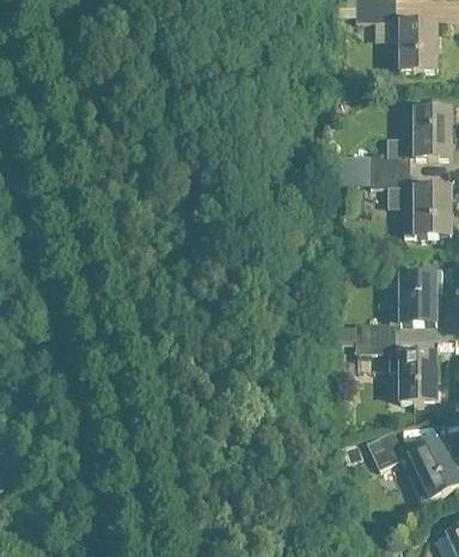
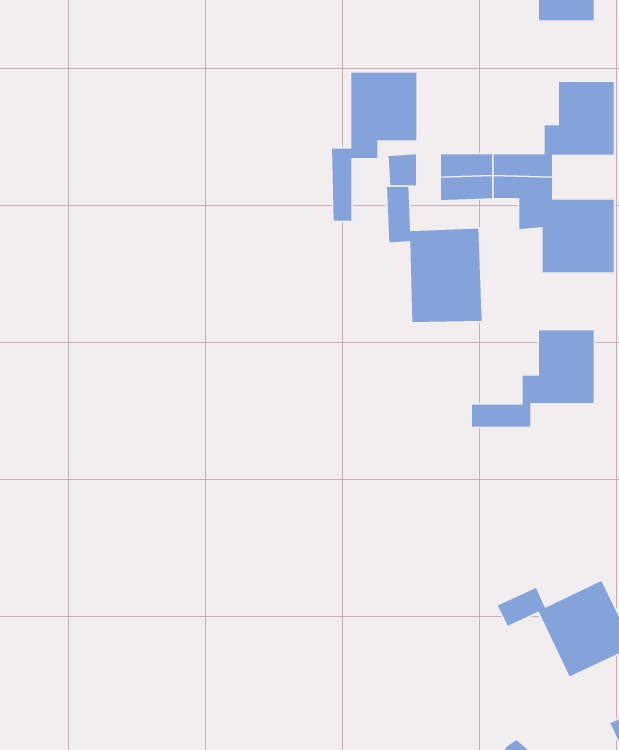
building: none -> [331,72,417,221]
building: none -> [386,186,482,323]
building: [355,337,435,399] -> none

